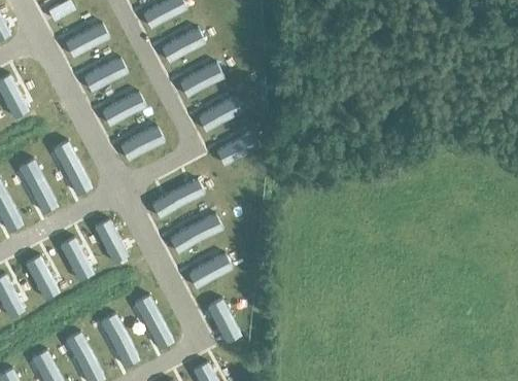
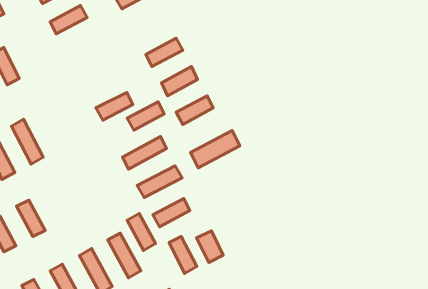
building: [161,27,205,61] -> none
building: [83,57,128,91] -> none
building: [101,91,145,125] -> [127,102,164,130]
building: [53,139,92,193] -> none
building: none -> [190,131,240,168]
building: [94,217,128,262] -> [127,213,155,250]
building: [60,236,93,280] -> none
building: none -> [196,231,223,263]

